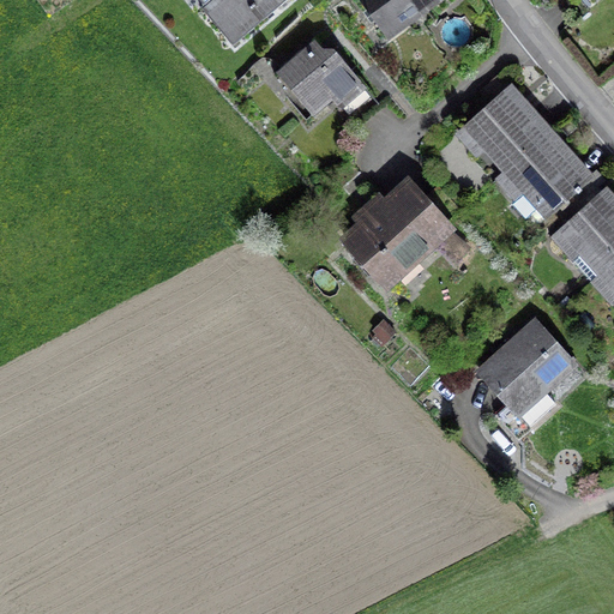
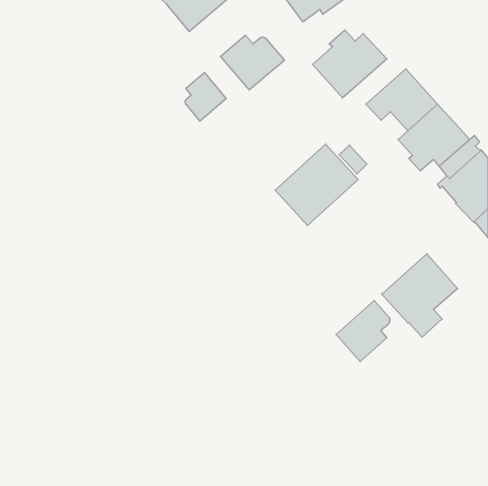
building: none -> [313,30,387,98]
building: none -> [185,73,226,121]
building: none -> [336,300,390,362]

